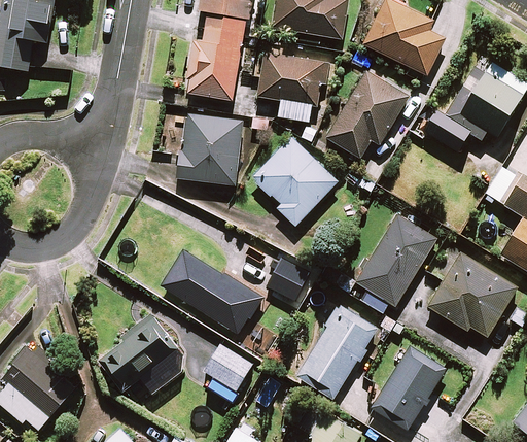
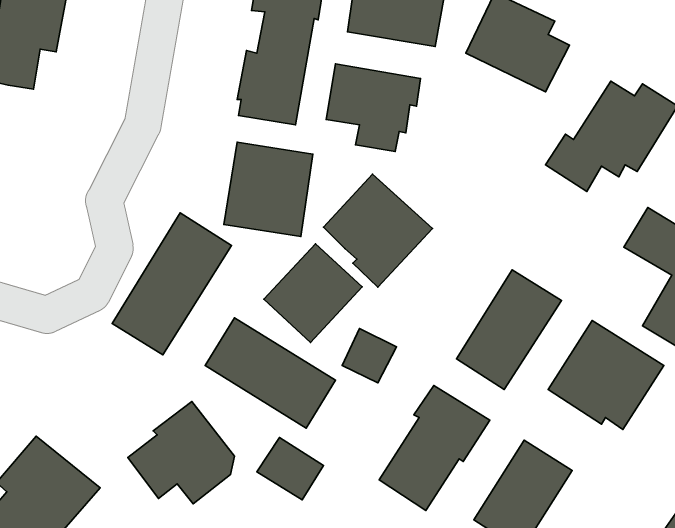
building: [318,71,408,158] -> none
building: none -> [112,213,232,355]
building: none -> [264,244,362,342]

